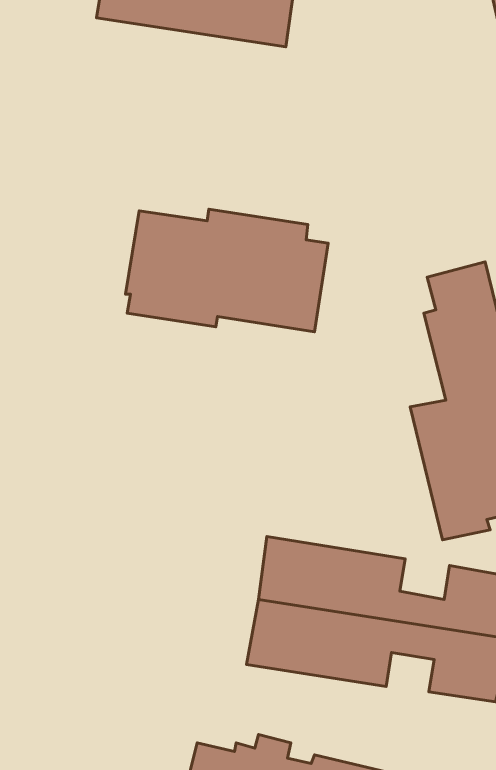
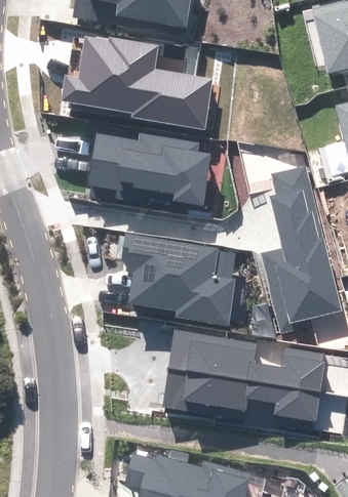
building: none -> [61,36,215,130]
building: none -> [121,233,235,325]

